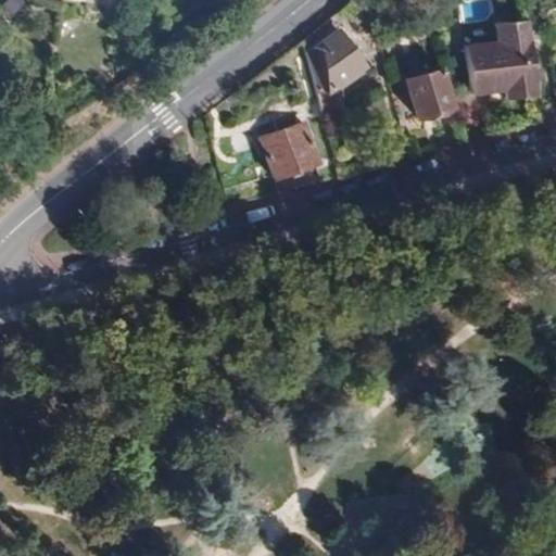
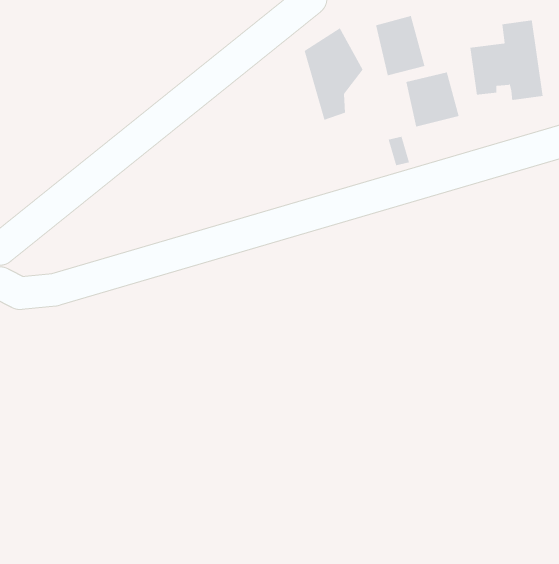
building: none -> [375,15,425,76]
building: [262,124,323,177] -> none

